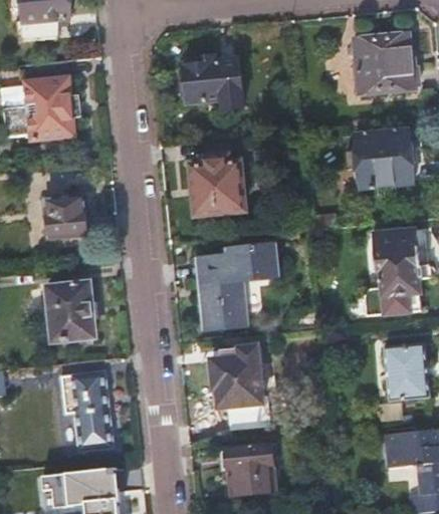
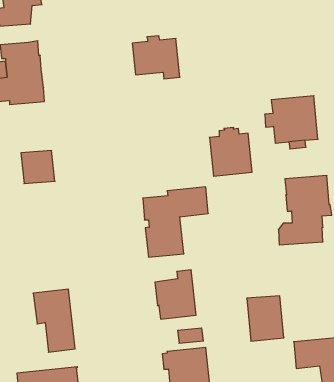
building: [355,33,416,92] -> none
building: [191,154,244,214] -> [209,128,252,176]
building: [46,281,94,340] -> none
building: [383,344,429,401] -> [247,296,284,341]

